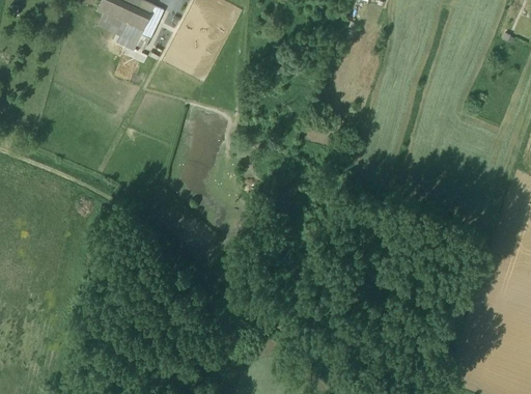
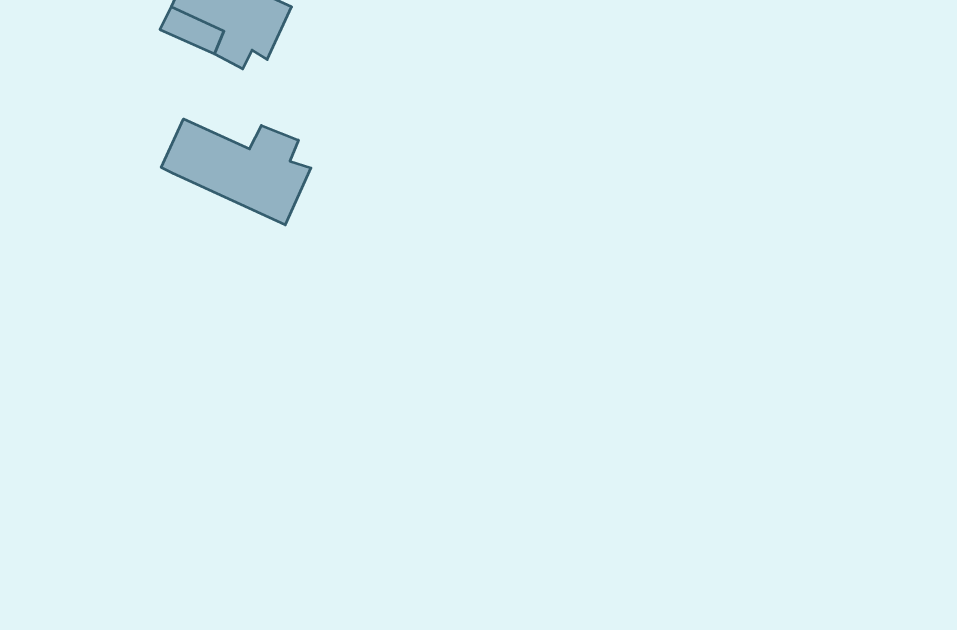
building: none -> [161,119,311,225]

